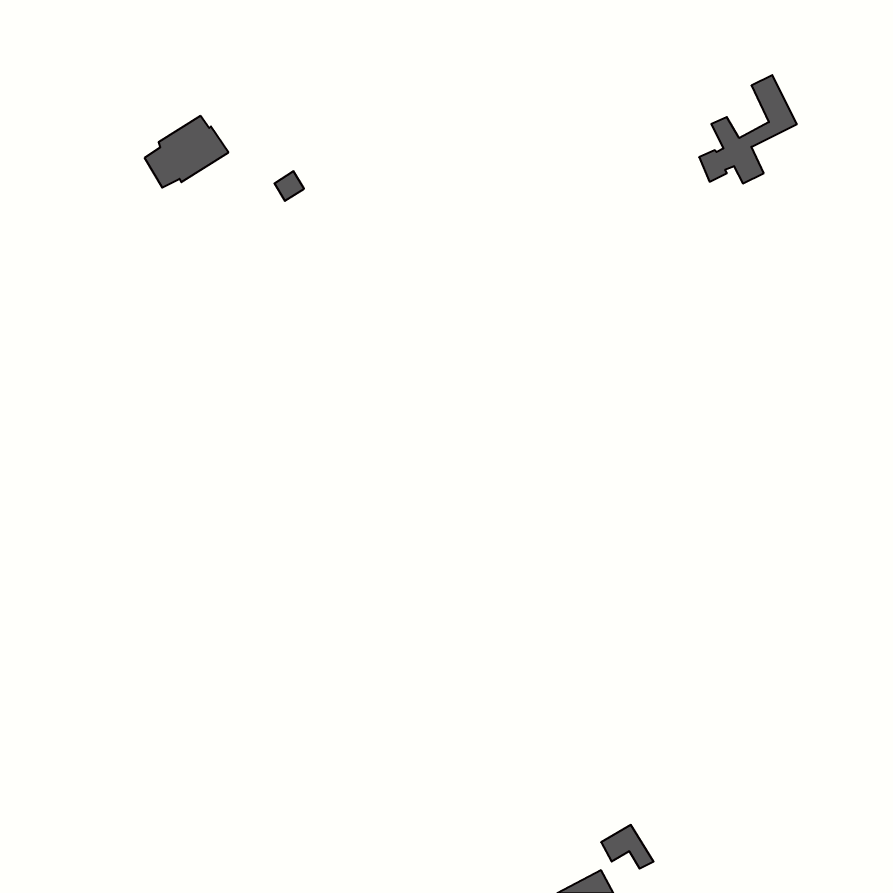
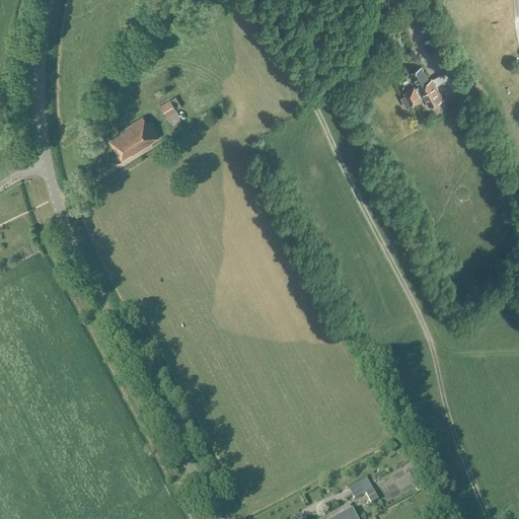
building: [145,116,228,188] -> [110,117,159,158]

